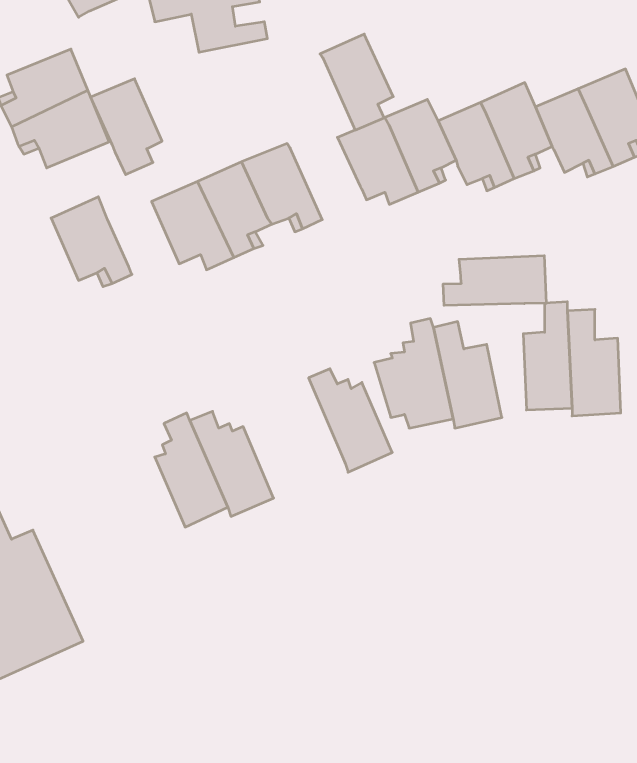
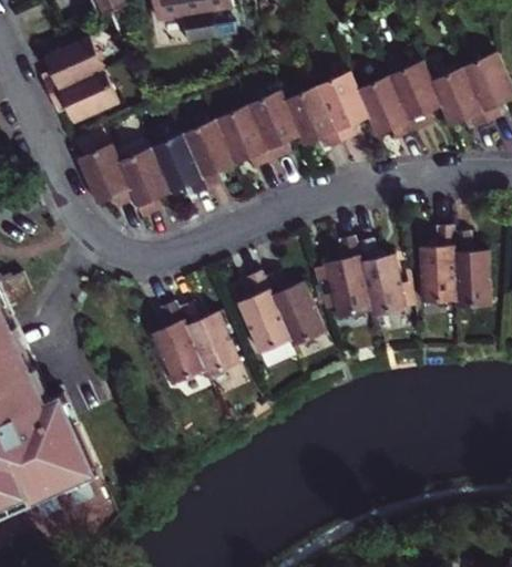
building: [320,34,393,130] -> [247,92,300,162]
building: [90,79,162,175] -> [116,148,168,218]
building: [443,256,546,305] -> none
building: none -> [237,270,289,352]

